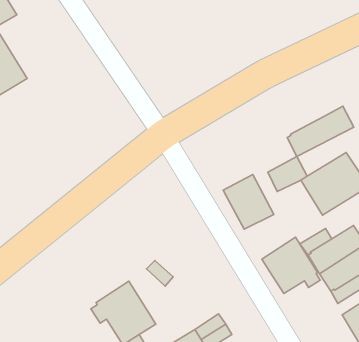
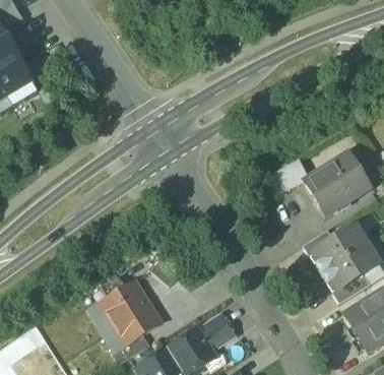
building: [287,106,354,157] -> none
building: [223,175,274,229] -> none
building: [262,237,320,294] -> none

